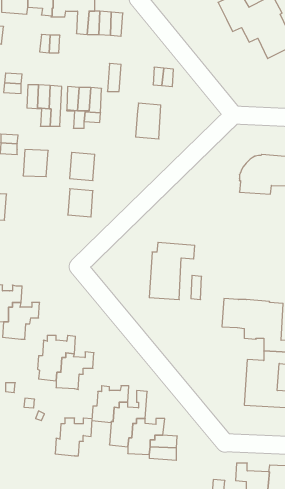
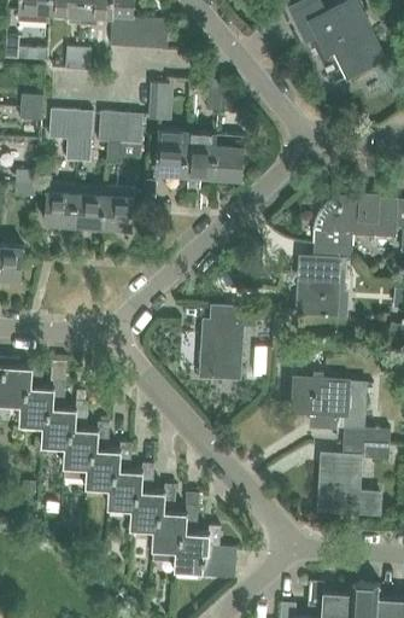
building: none -> [154,128,188,175]
building: none -> [213,135,245,179]
building: [68,189,93,217] -> [74,192,105,227]
building: none -> [298,244,352,317]
building: none -> [41,390,88,448]
building: [55,418,92,456] -> [107,464,153,511]

